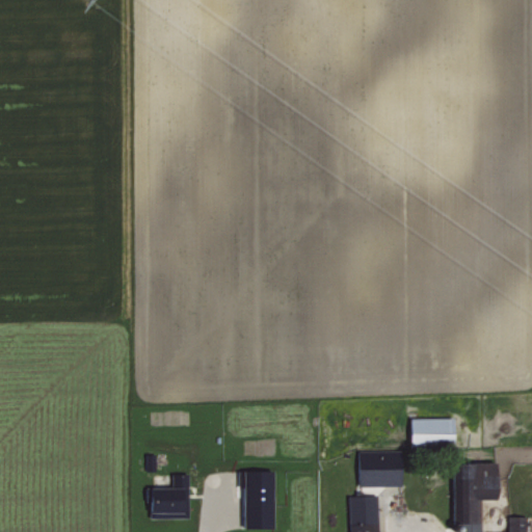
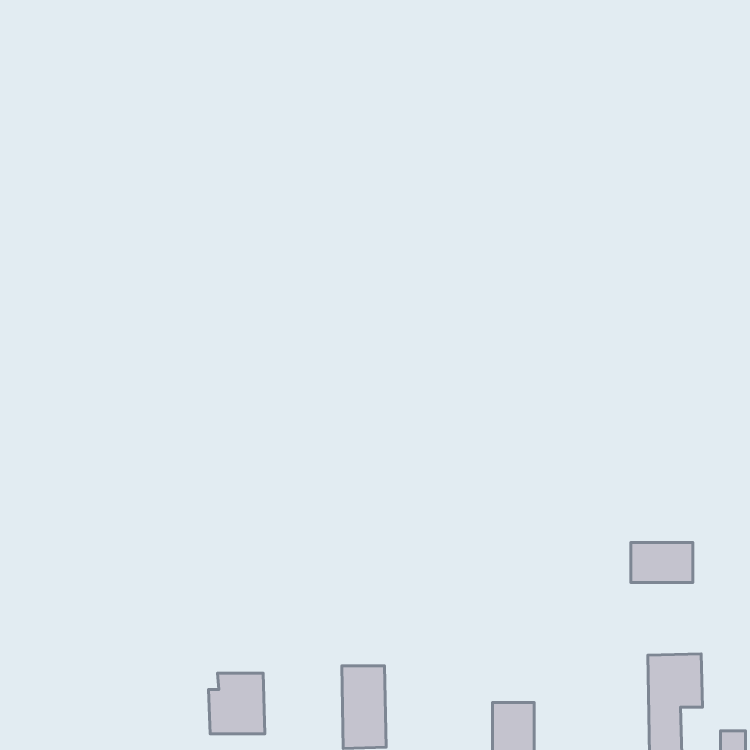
building: [411,420,455,448] -> [631,542,693,582]
building: [360,452,403,488] -> none

